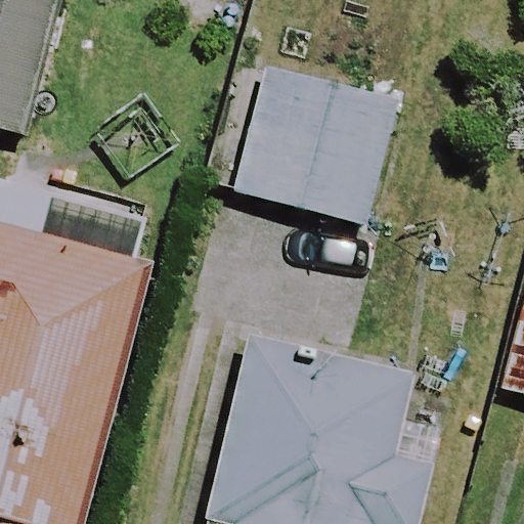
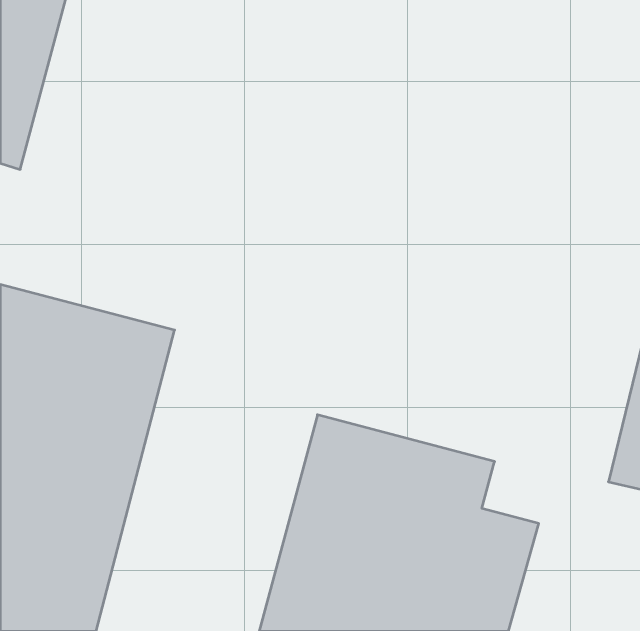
building: [226,66,394,225] -> none

